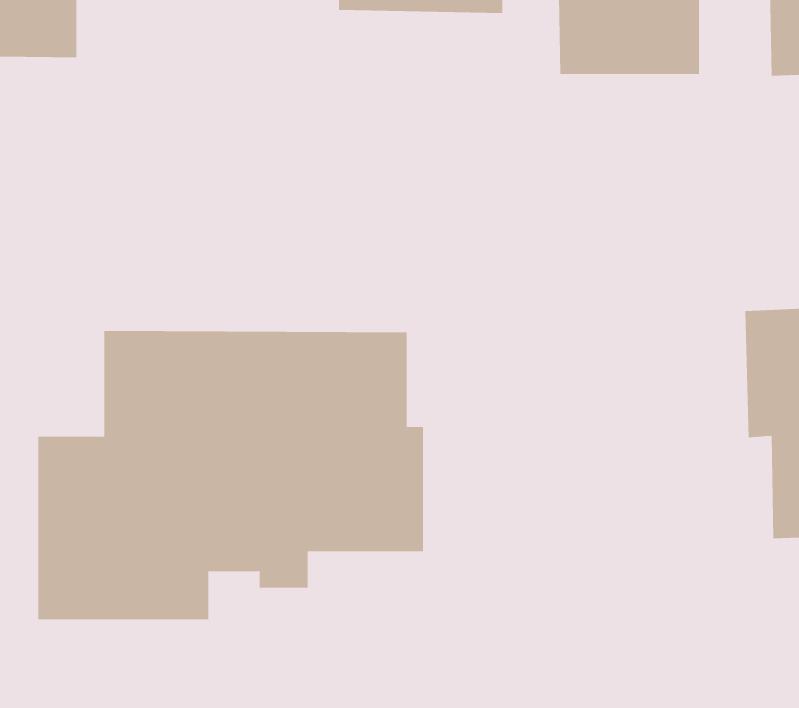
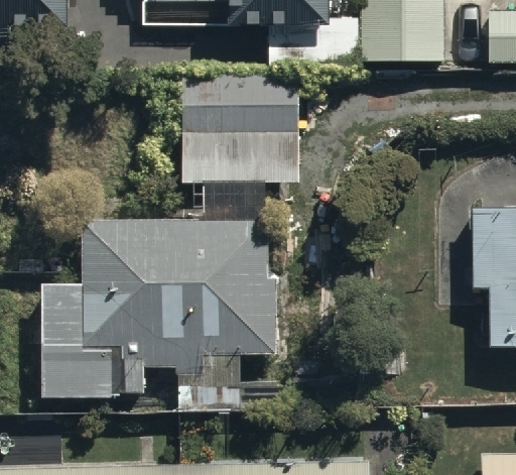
building: none -> [154,76,298,185]

